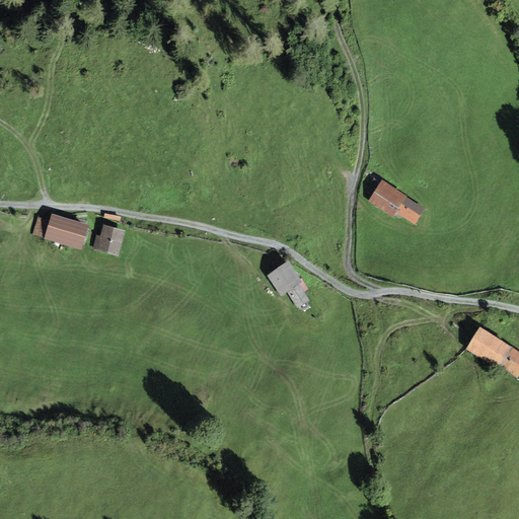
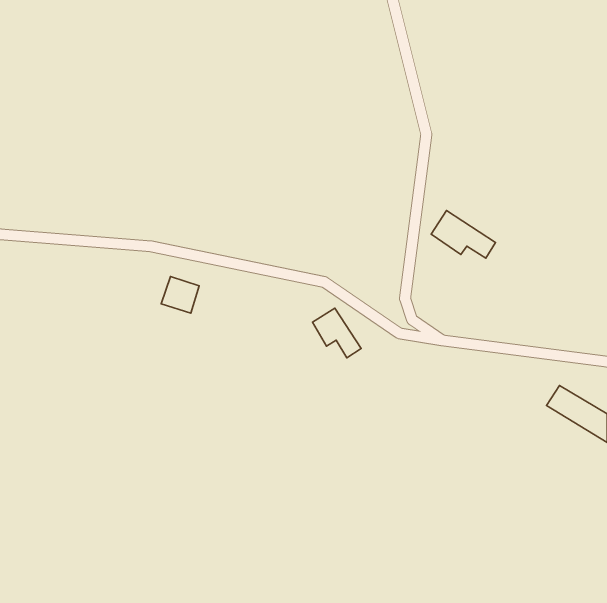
building: [42,214,88,250] -> none
building: [95,223,128,254] -> [161,276,199,313]

